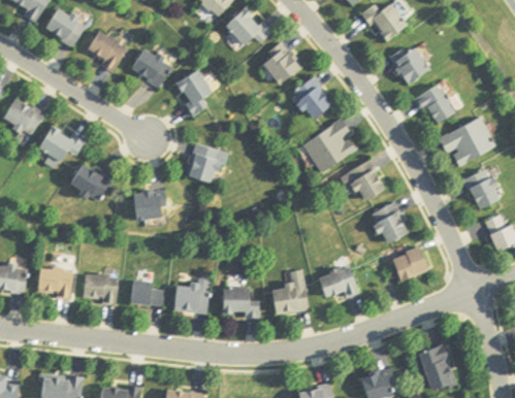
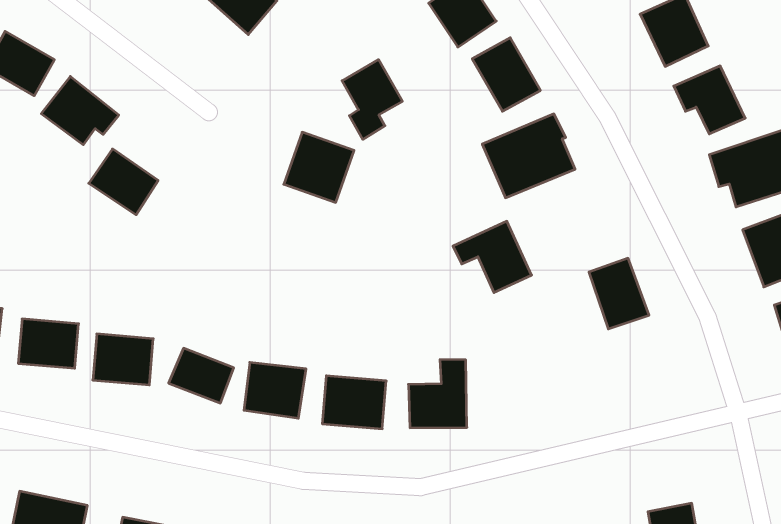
building: [176,69,214,118] -> [342,60,402,139]
building: [339,159,387,202] -> [453,221,532,293]
building: [133,191,162,219] -> none
building: [390,246,430,283] -> none
building: [317,268,357,300] -> none

